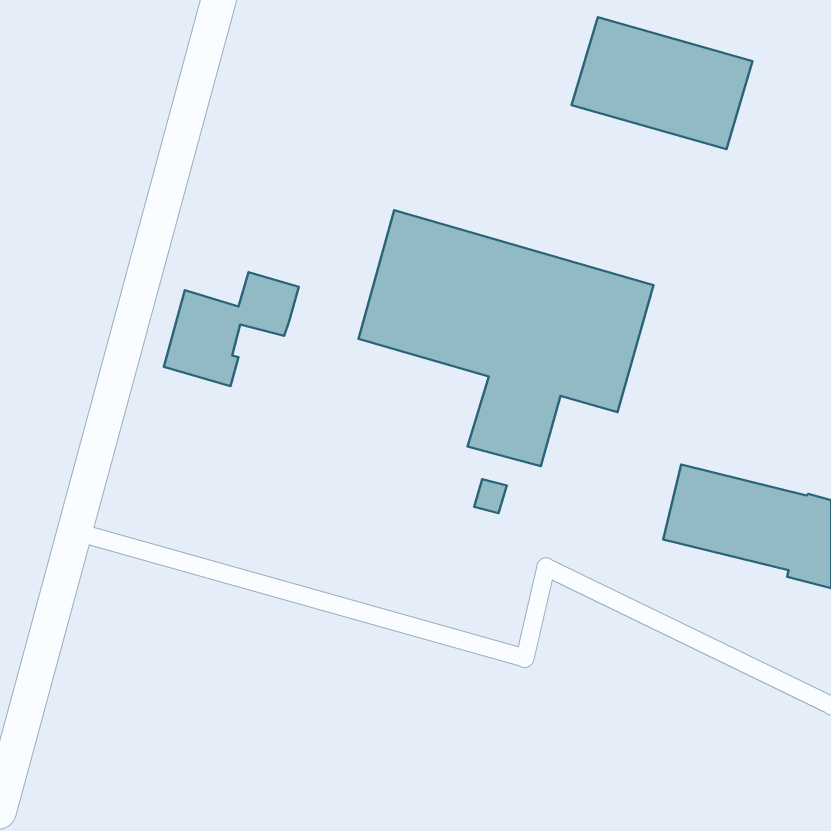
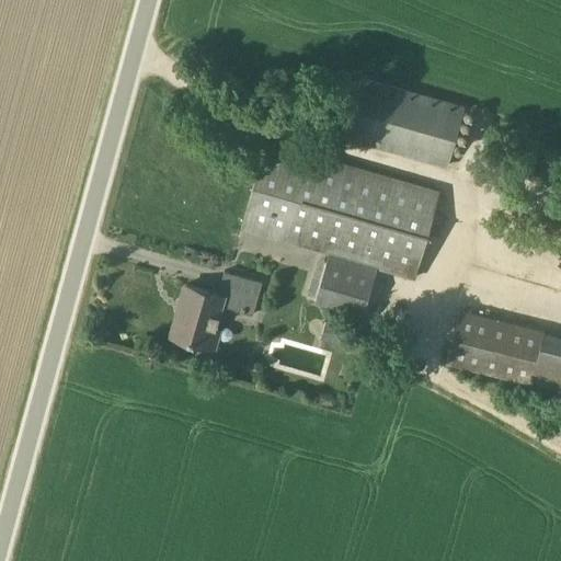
building: [572,17,753,149] -> [343,78,465,167]
building: [164,272,299,386] -> [171,273,262,350]

